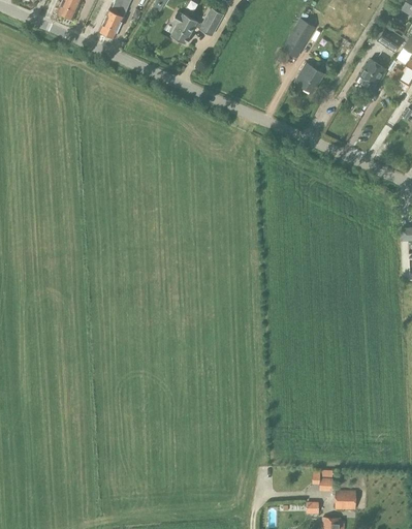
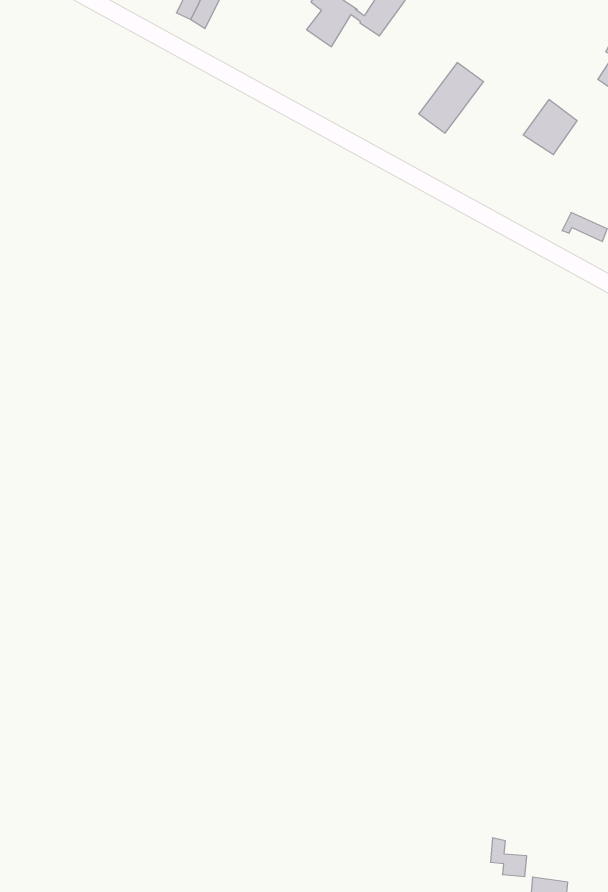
building: [282,18,316,57] -> [419,63,484,133]

